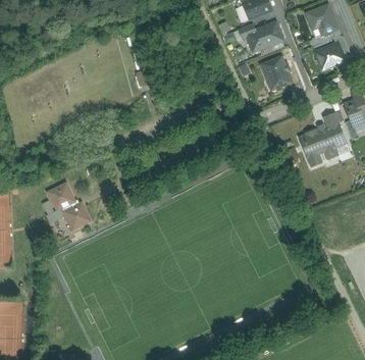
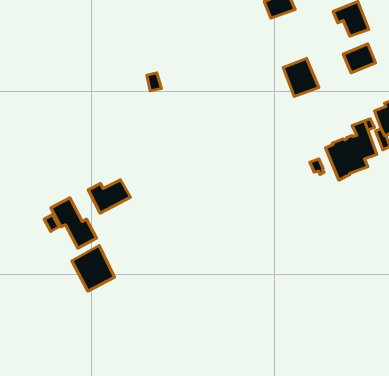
building: [247,22,280,49] -> none
building: none -> [88,180,131,213]
building: none -> [72,246,114,291]

